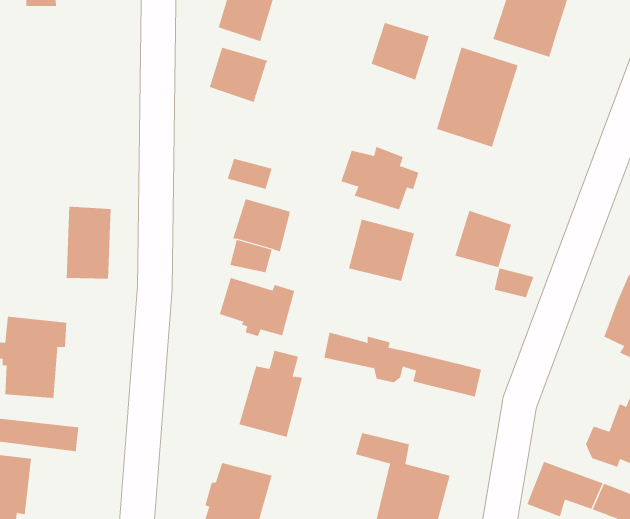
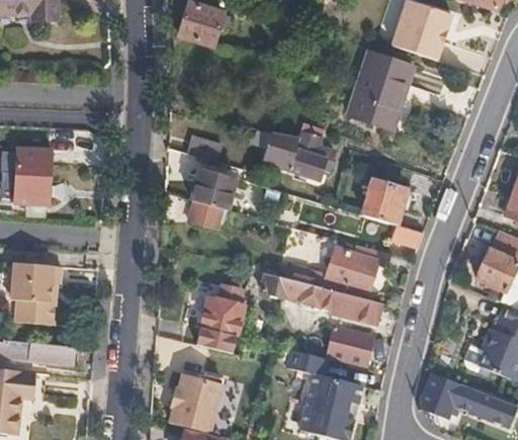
building: [371,22,430,80] -> none
building: [209,47,269,103] -> none
building: [66,206,112,279] -> [15,148,51,204]
building: [348,219,415,281] -> [327,250,378,298]
building: [219,277,295,337] -> none
building: none -> [328,324,371,364]

